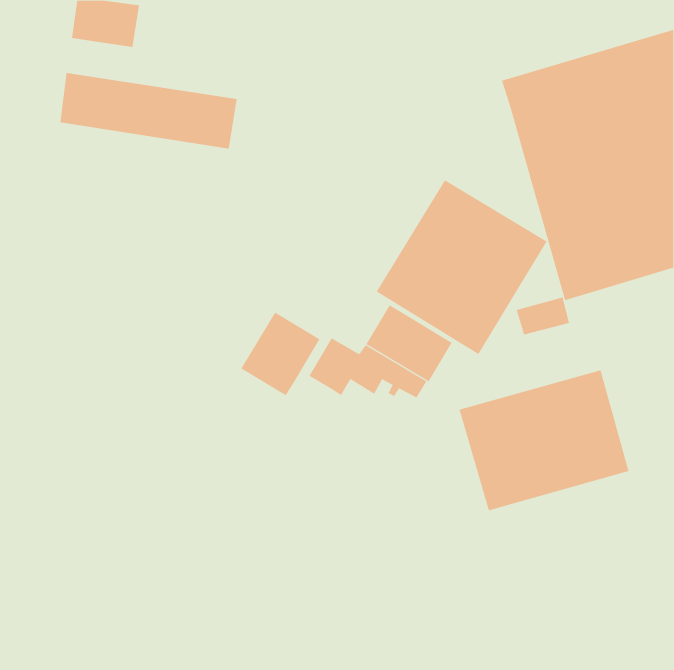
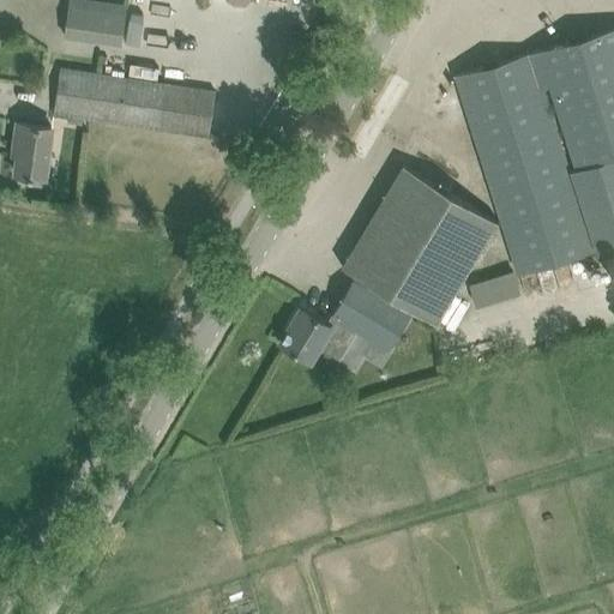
building: none -> [14,125,52,180]
building: [241,312,320,396] -> none
building: [459,370,629,511] -> none

